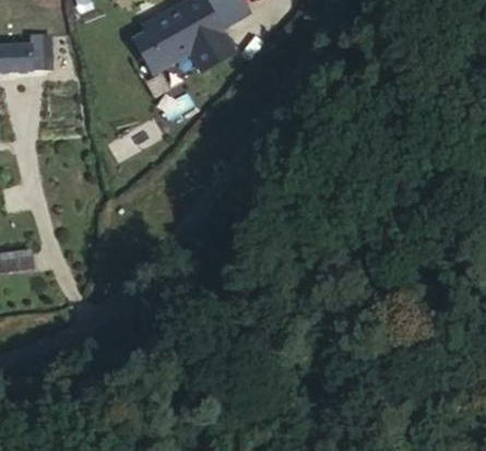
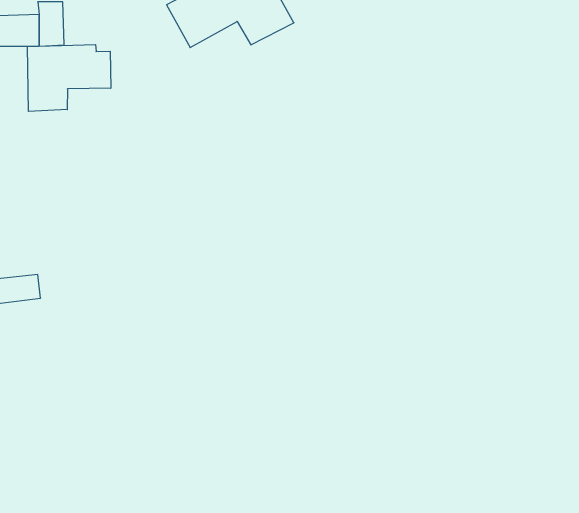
building: none -> [27,45,111,111]

